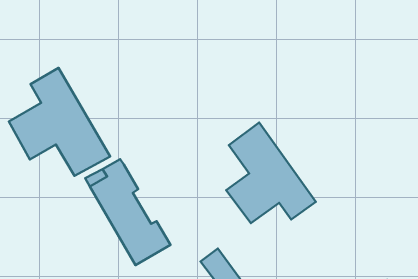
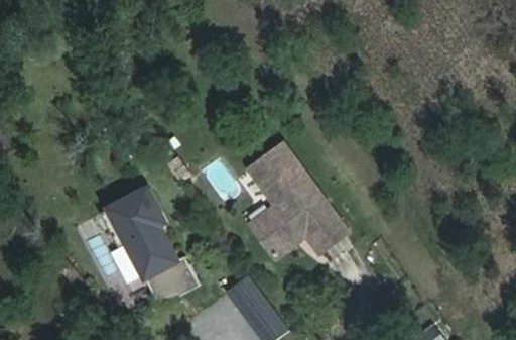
building: [9,68,110,176] -> none

